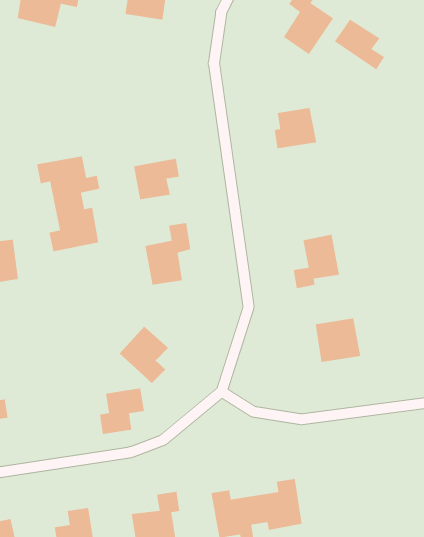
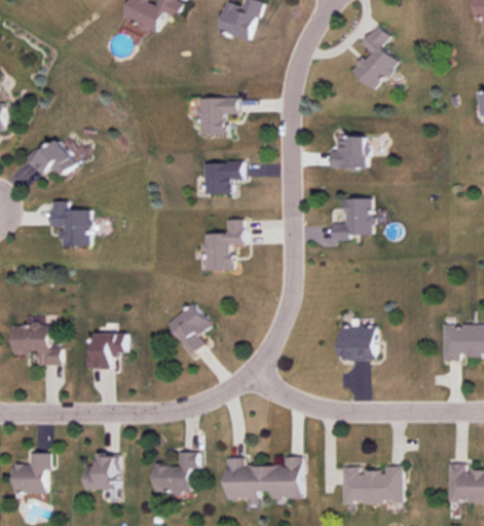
building: [334,18,385,70] -> none
building: none -> [197,97,237,134]
building: [36,156,100,252] -> none
building: [293,234,340,289] -> [332,197,372,240]
building: [99,387,145,435] -> [86,333,126,369]
building: none -> [342,465,403,503]

